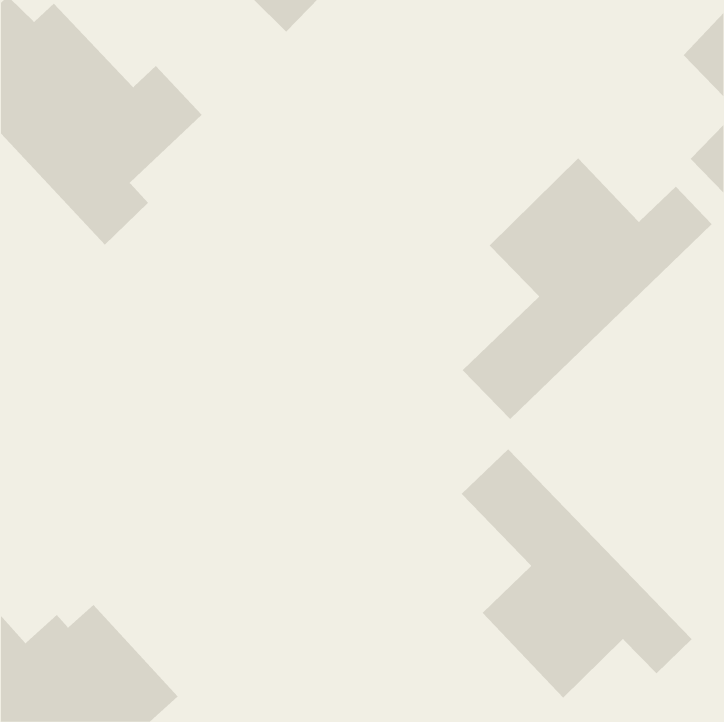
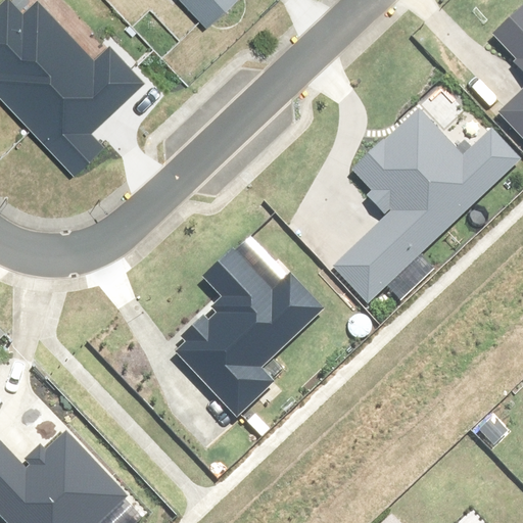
building: none -> [172,252,316,414]
building: [461,448,693,698] -> none

